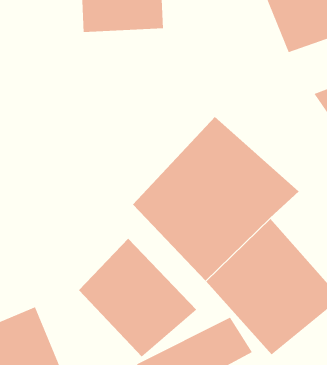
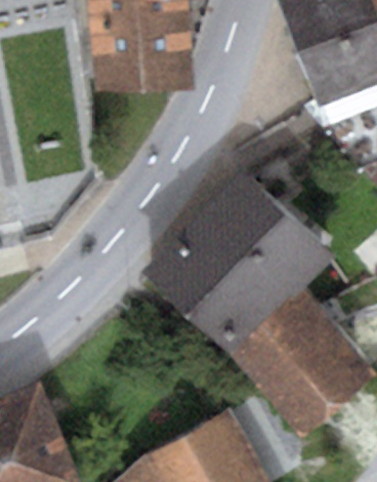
building: [78,238,197,357] -> none

